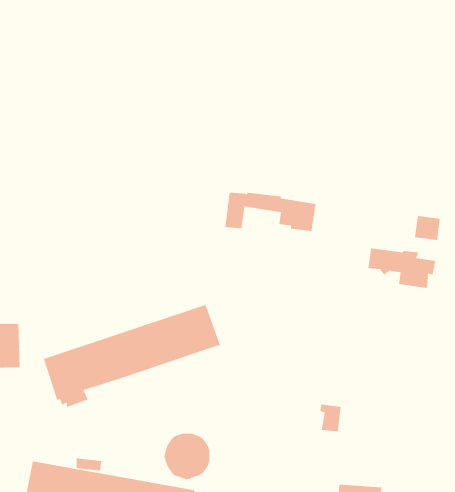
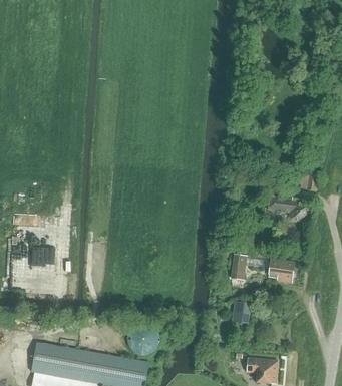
building: [225,192,316,232] -> [231,255,294,282]
building: [43,304,221,408] -> none

